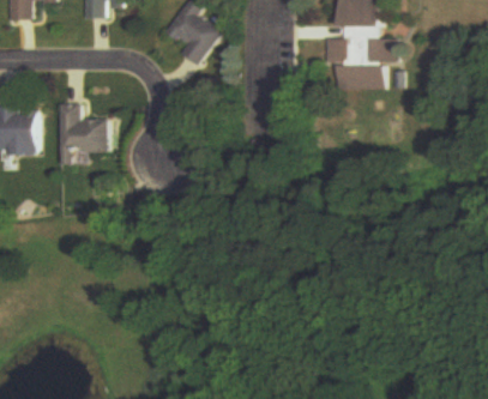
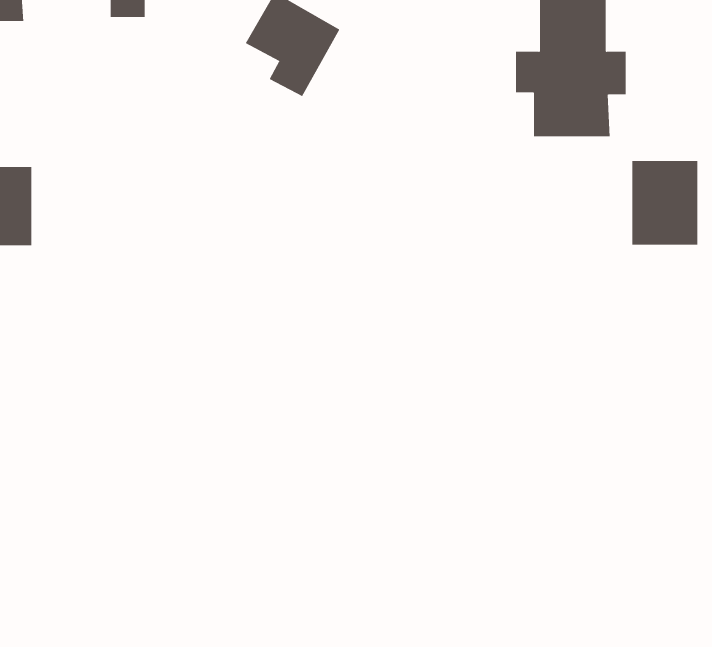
building: [60,103,108,164] -> none
building: none -> [632,160,698,246]

